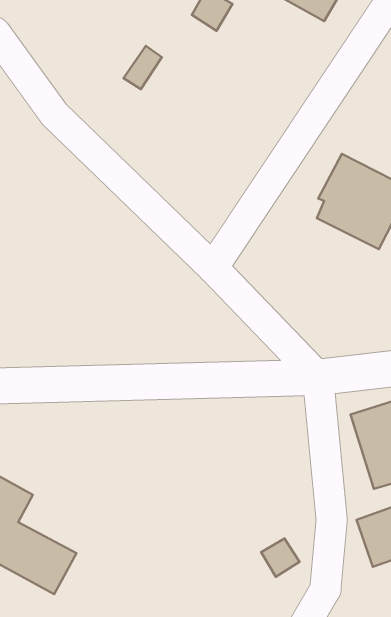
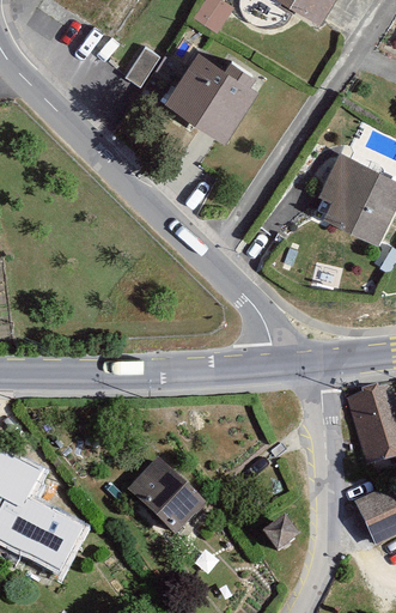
building: none -> [163,49,252,135]
building: none -> [124,461,203,539]

